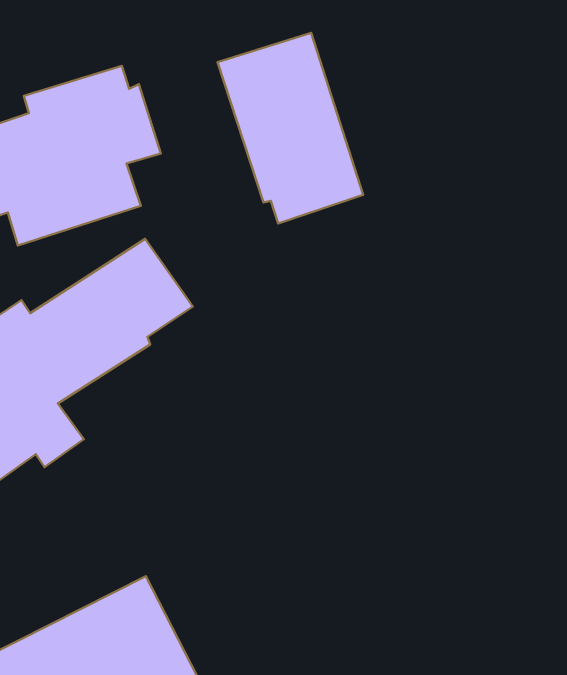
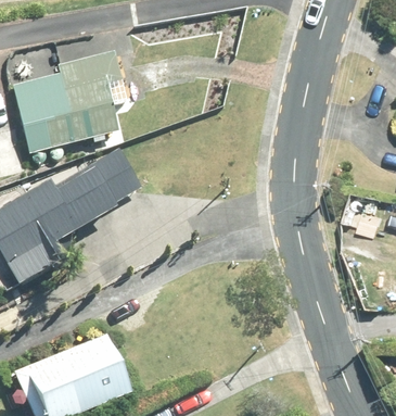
building: [218,33,363,224] -> none

